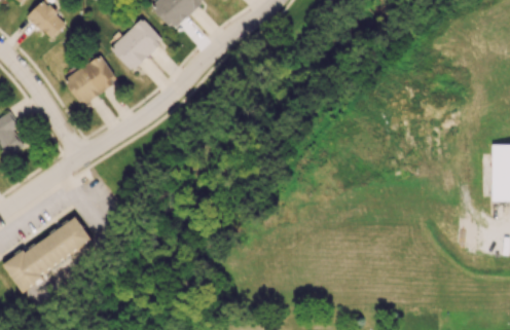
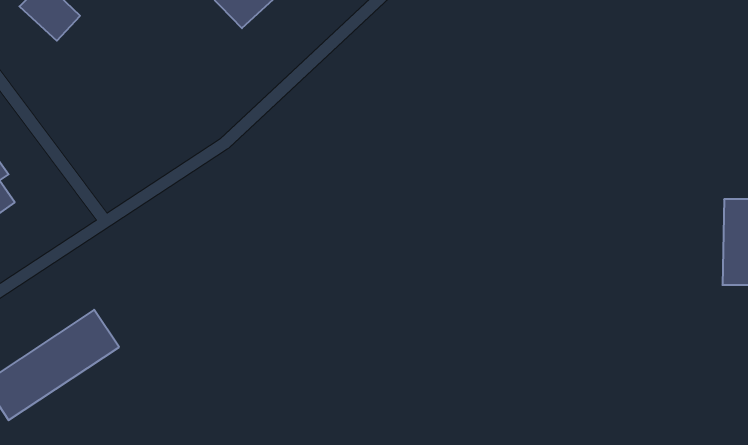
building: [110,19,163,72] -> none
building: [64,56,117,106] -> none

